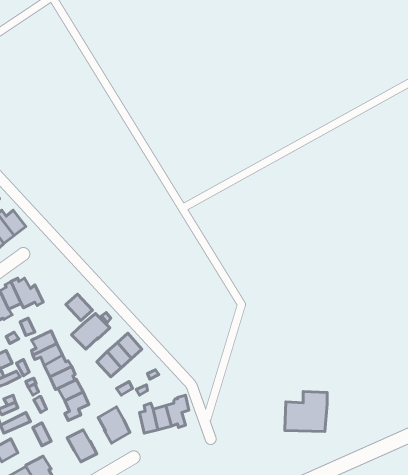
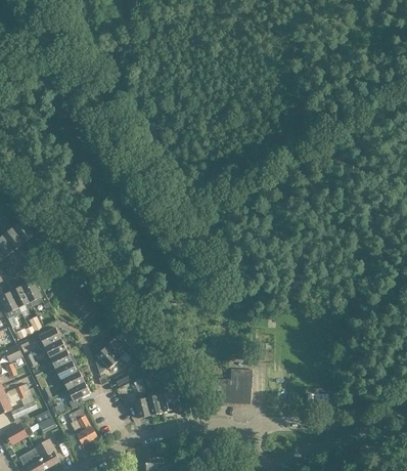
building: [71,313,110,349] -> none
building: [285,391,327,432] -> [214,369,252,404]
building: [98,407,130,443] -> none

